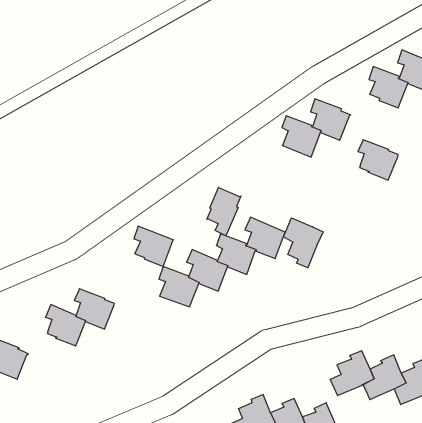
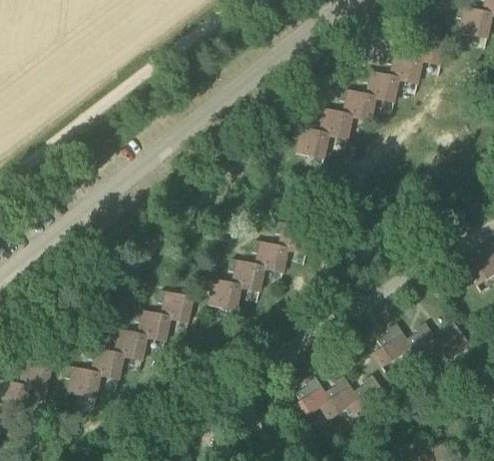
building: [358,140,398,180] -> [340,89,376,121]
building: [207,187,241,236] -> none
building: [283,218,323,268] -> none
building: [134,226,173,266] -> [158,291,193,323]
building: none -> [88,347,124,380]

